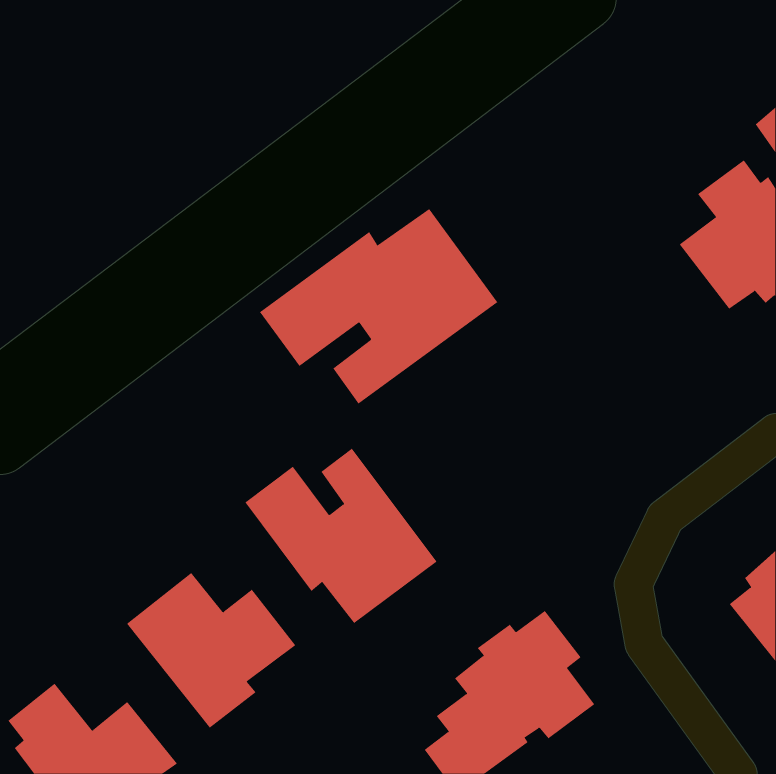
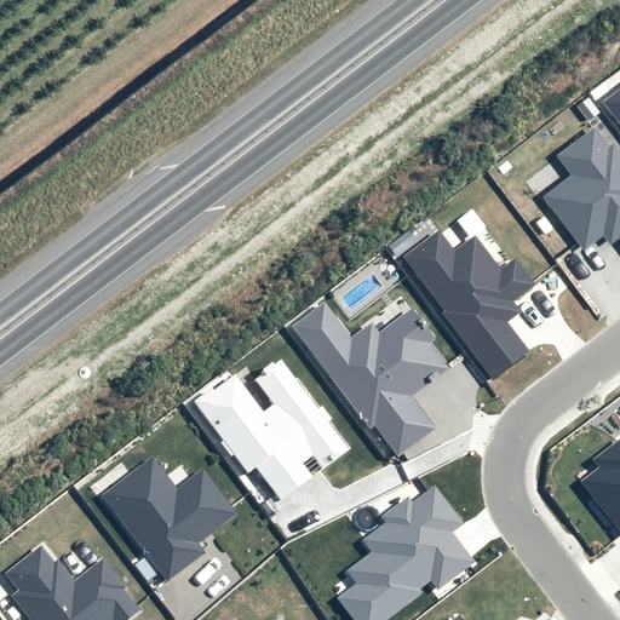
building: [259,208,498,405] -> none
building: none -> [404,234,535,380]
building: none -> [293,303,448,458]

